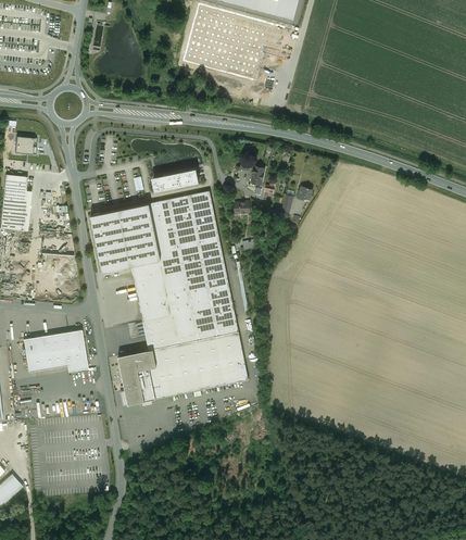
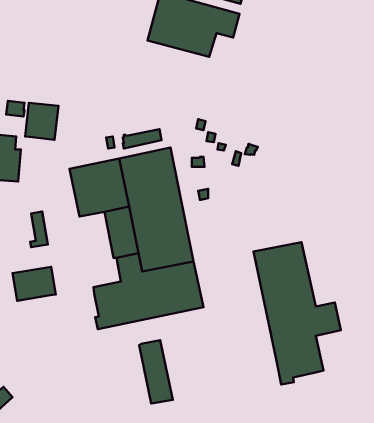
building: none -> [25,103,58,140]
building: none -> [253,242,341,384]
building: [66,328,87,371] -> [30,212,48,247]
building: none -> [139,340,173,404]

